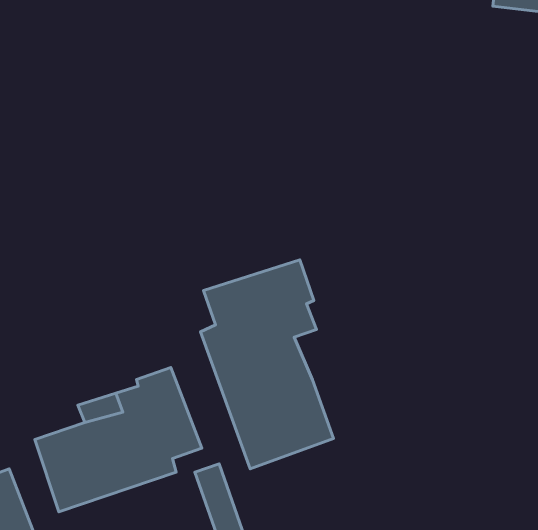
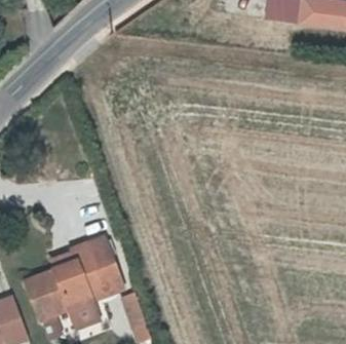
building: [200,260,333,469] -> none

